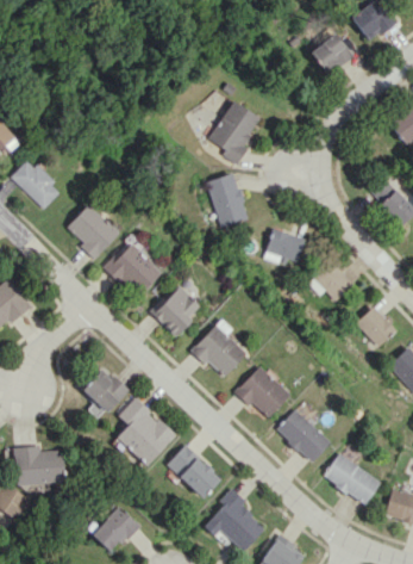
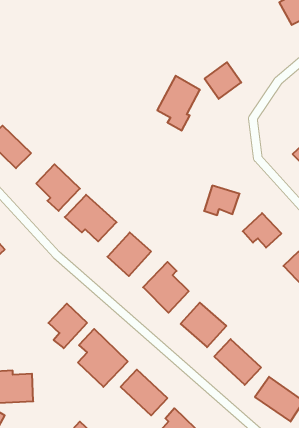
building: [311,32,353,75] -> [205,62,241,99]
building: [206,173,248,229] -> none

